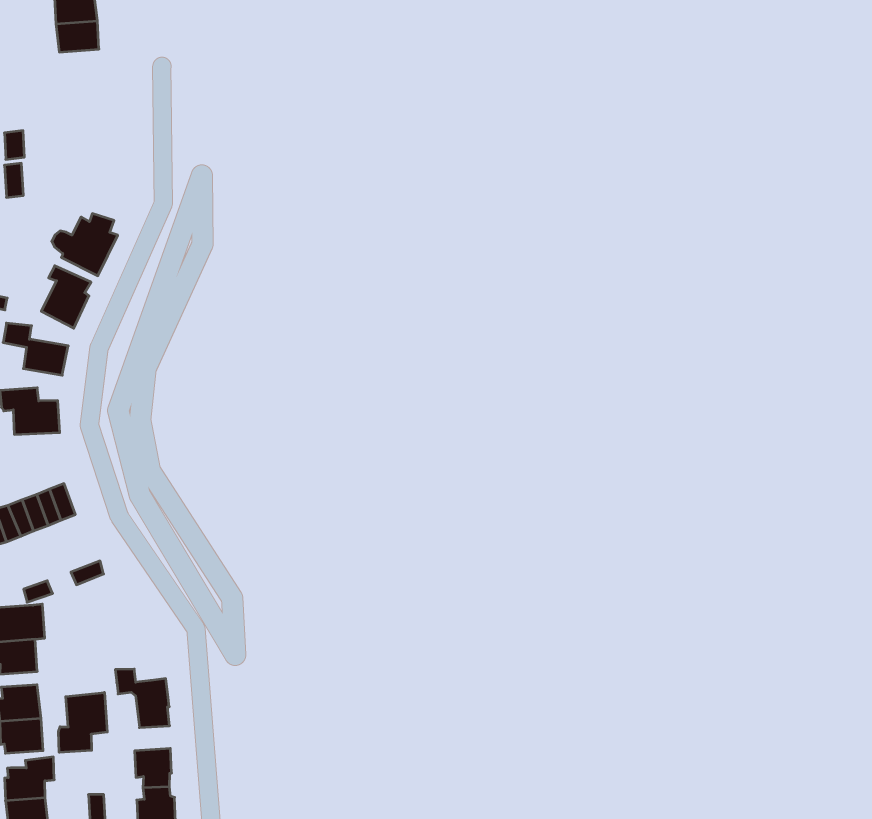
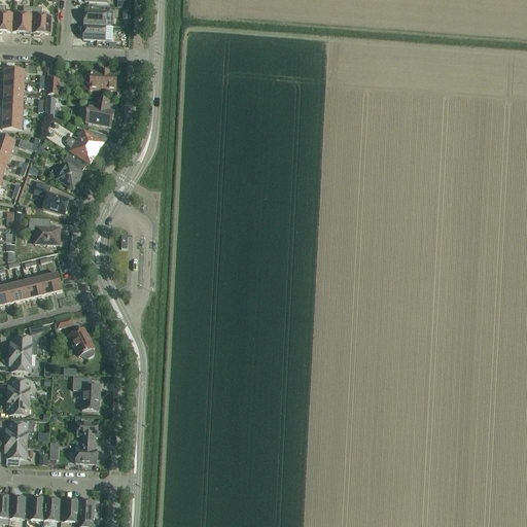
building: none -> [84,70,115,90]
building: none -> [85,97,112,126]
building: none -> [67,326,94,357]
building: [59,692,107,752] -> none

